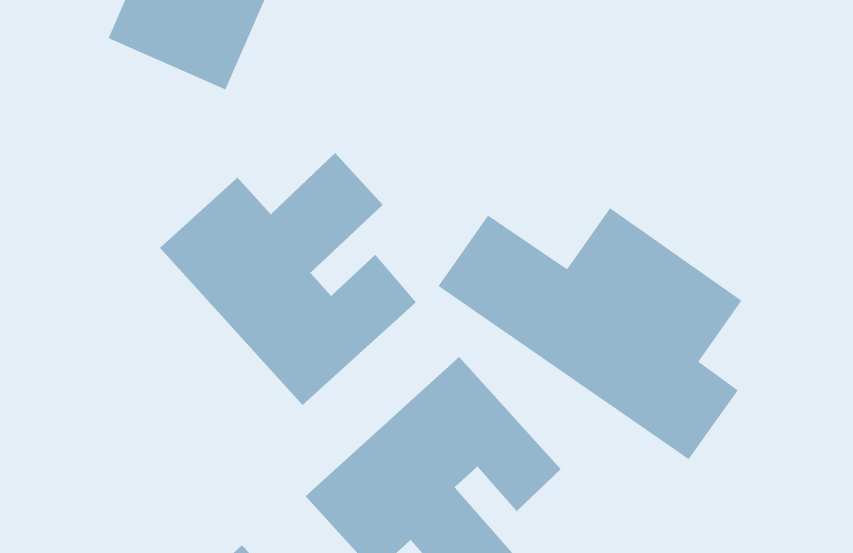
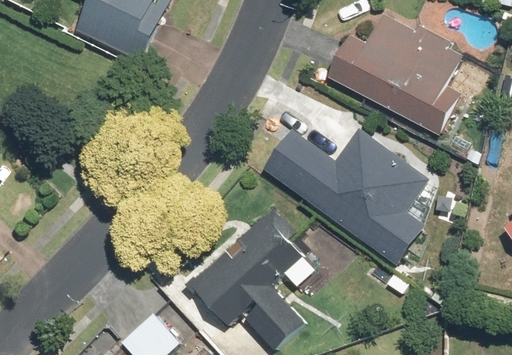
building: none -> [326,14,465,137]
building: [159,152,417,406] -> none

